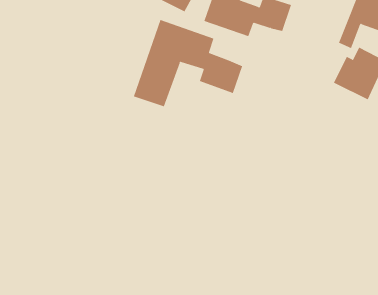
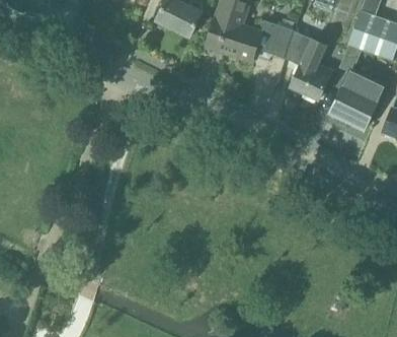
building: none -> [287,31,333,100]
building: [133,19,243,107] -> none

